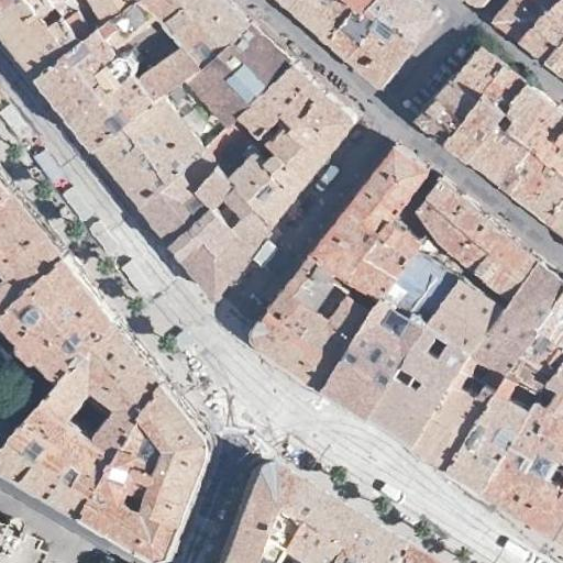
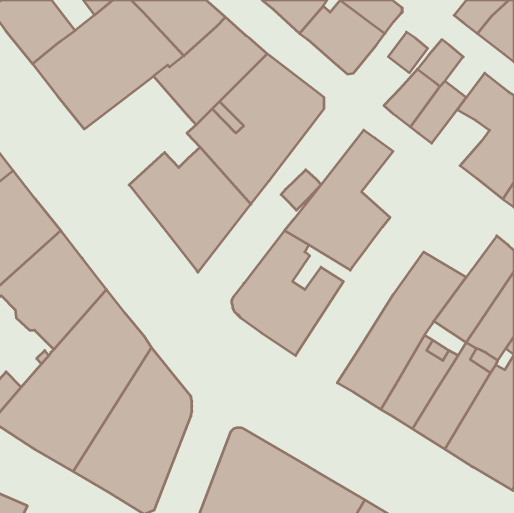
building: [482,68,525,112] -> [388,32,428,73]
building: [91,89,217,207] -> none
building: [467,125,530,186] -> none
building: [416,180,538,299] -> none
building: none -> [281,170,321,210]
building: [320,252,459,421] -> none

